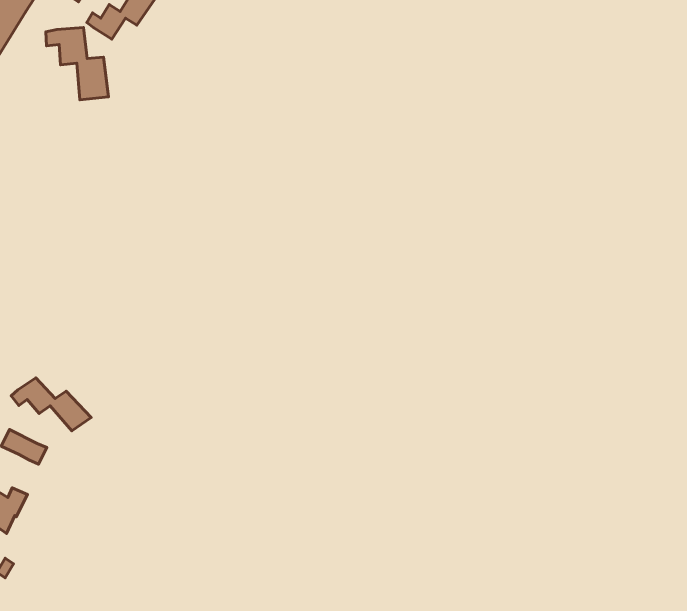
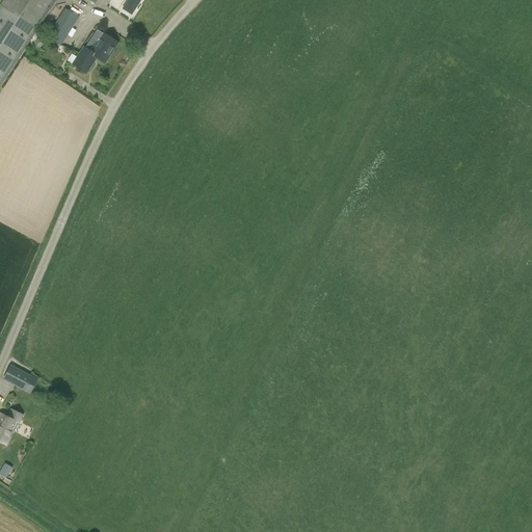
building: [46,27,109,100] -> none
building: [11,378,91,431] -> none

